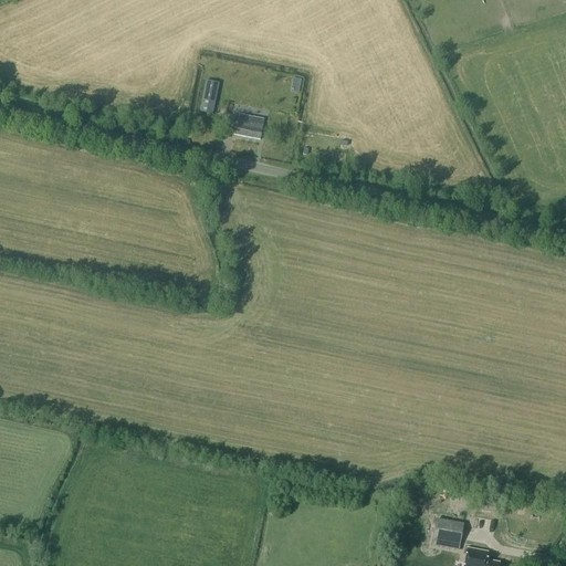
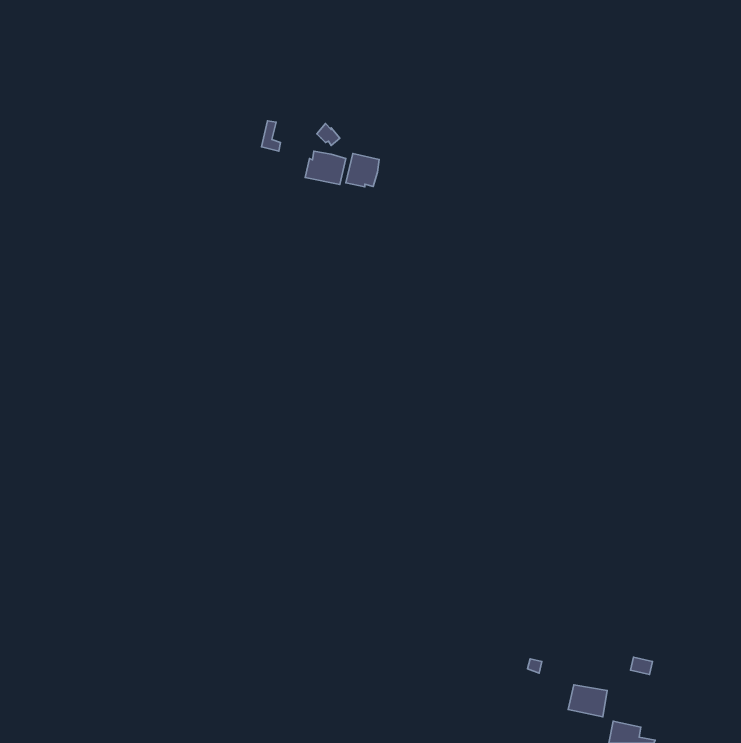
building: none -> [346,154,379,187]

